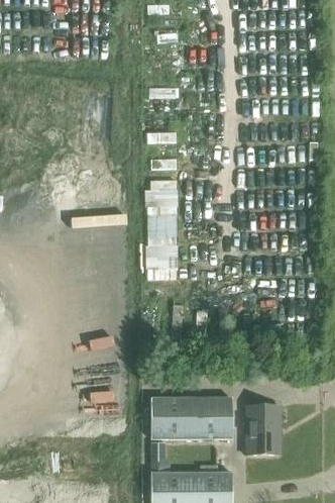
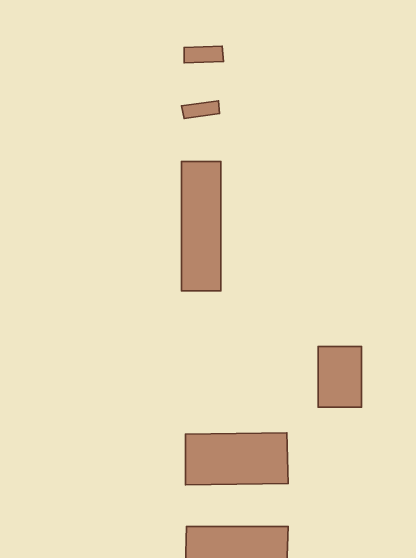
building: [244,405,278,454] -> [318,346,361,407]

